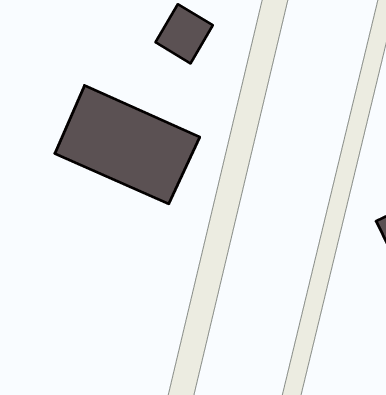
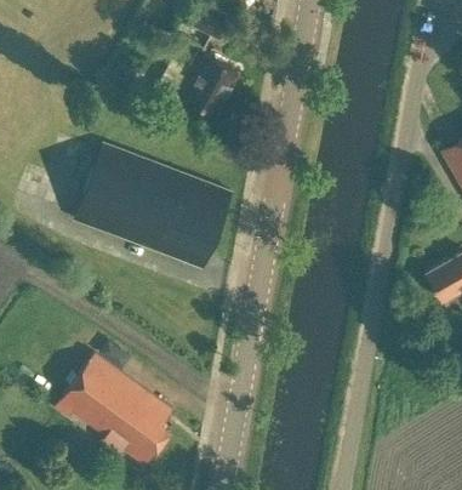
building: none -> [56,354,175,466]

